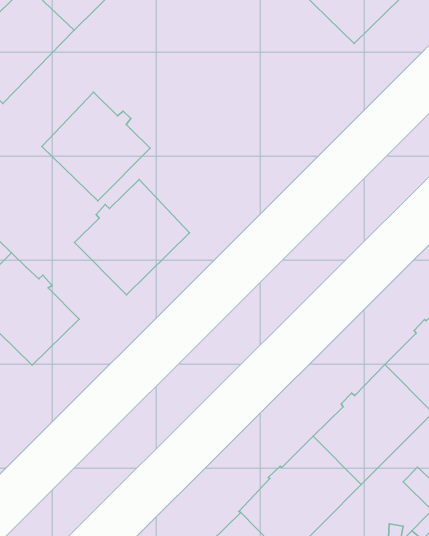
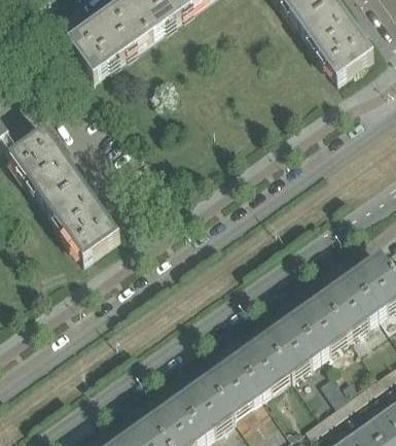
building: [42,92,150,201] -> none
building: [75,180,190,295] -> none

